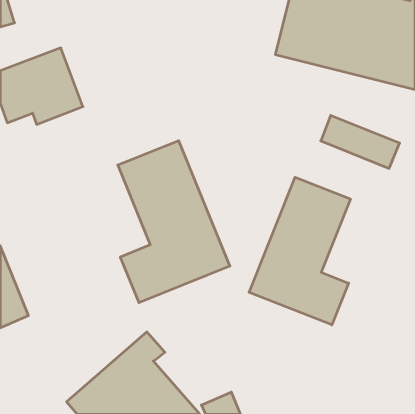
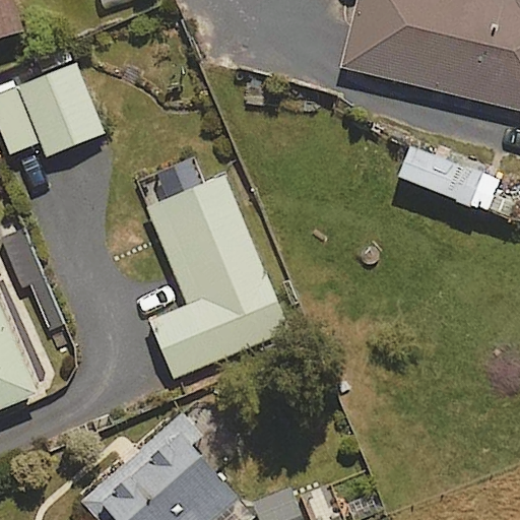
building: [249,177,350,325] -> none

